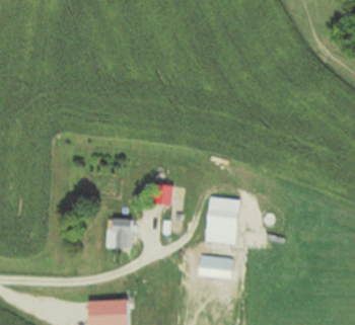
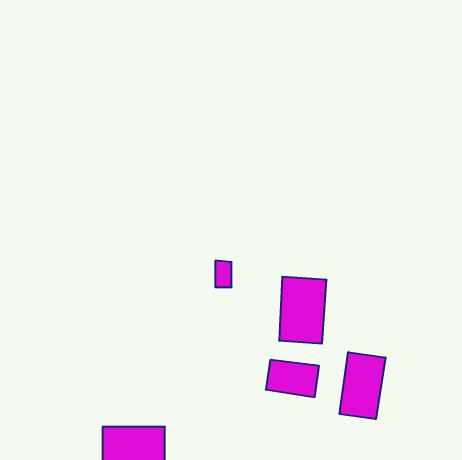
building: [106,218,134,250] -> none
building: none -> [340,352,386,419]

